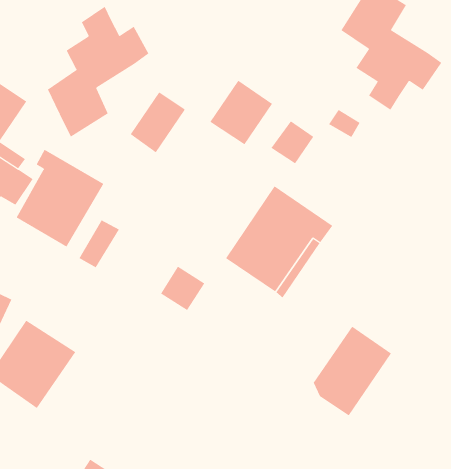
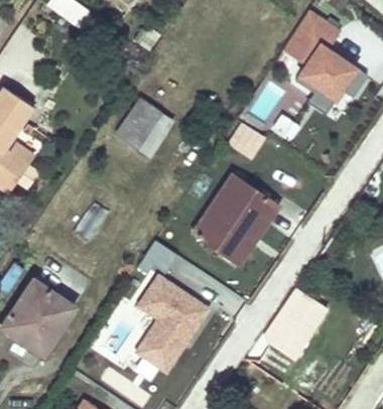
building: [47,6,149,138] -> none
building: [209,80,273,145] -> none
building: [16,149,104,247] -> none
building: none -> [136,274,213,374]

